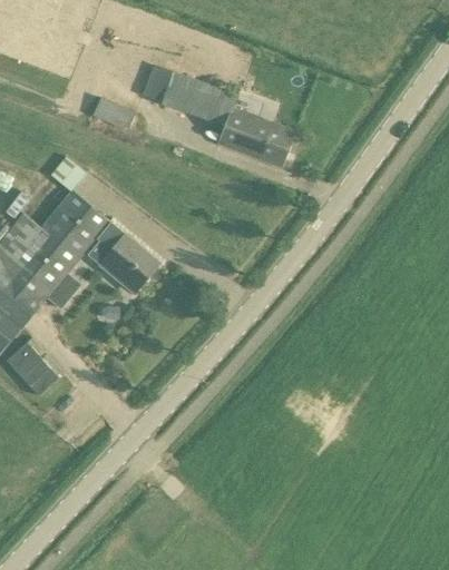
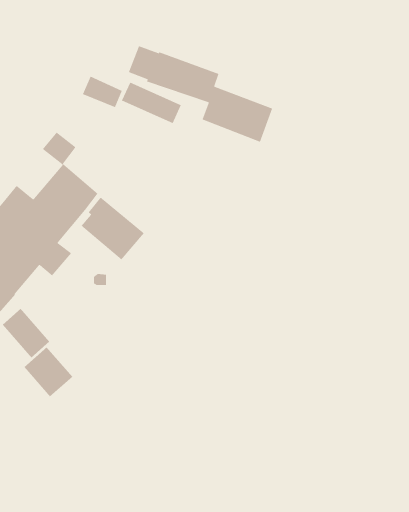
building: none -> [121,82,182,124]
building: none -> [23,347,74,397]

